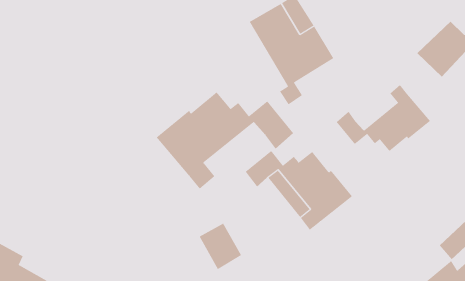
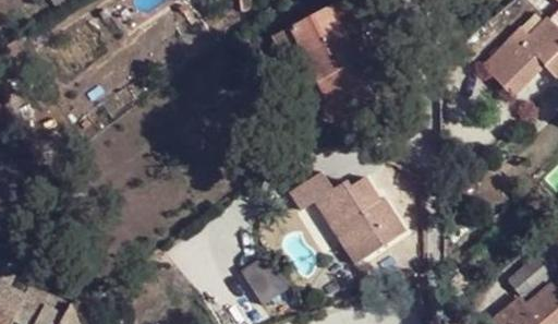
building: [336,84,431,152] -> none
building: [156,92,294,190] -> none

